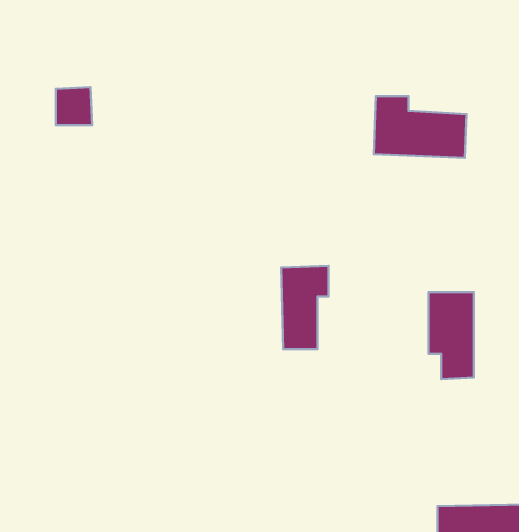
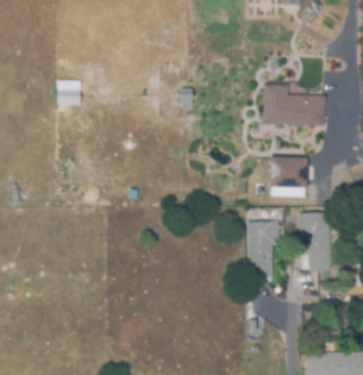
building: none -> [271,165,298,192]
building: [281,266,328,349] -> [248,221,278,276]

